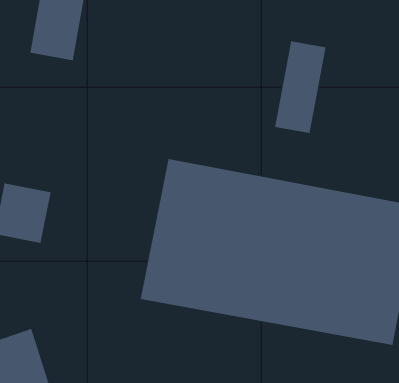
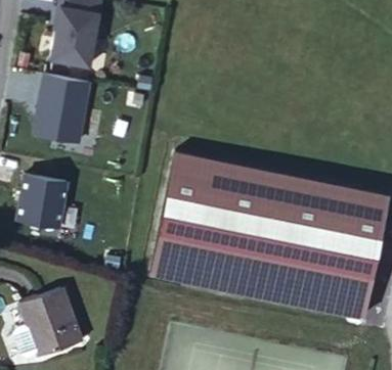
building: [274,41,326,134] -> none
building: none -> [34,73,90,141]

